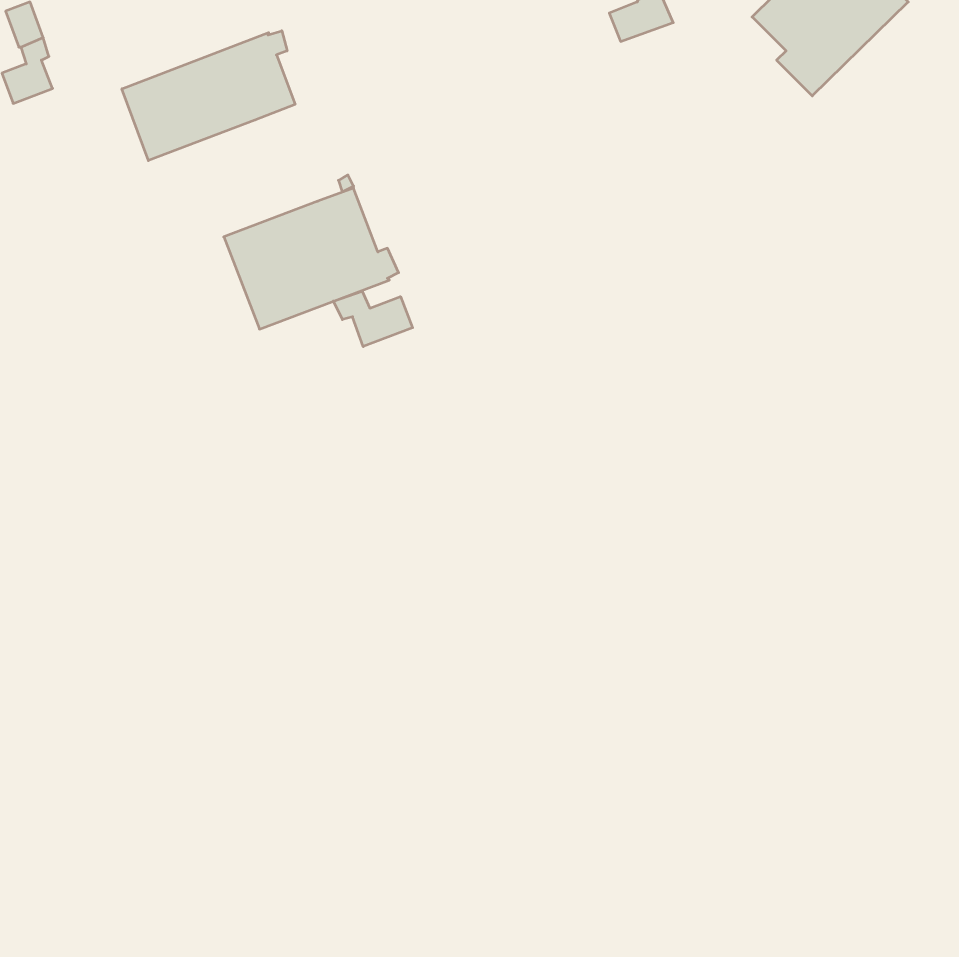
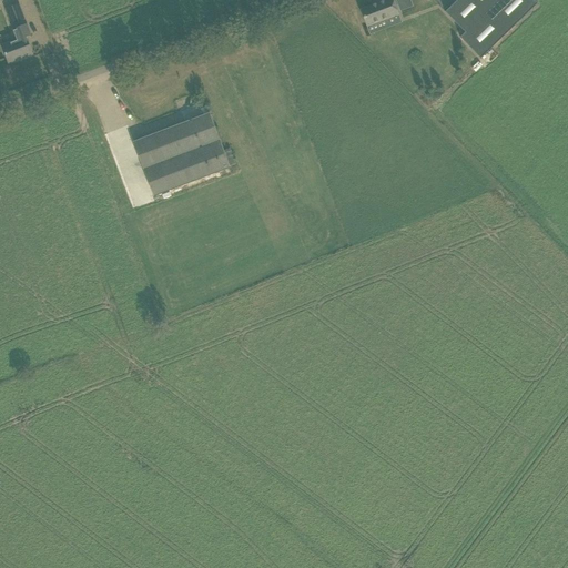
building: [122,31,295,161] -> none
building: [333,291,413,347] -> none

